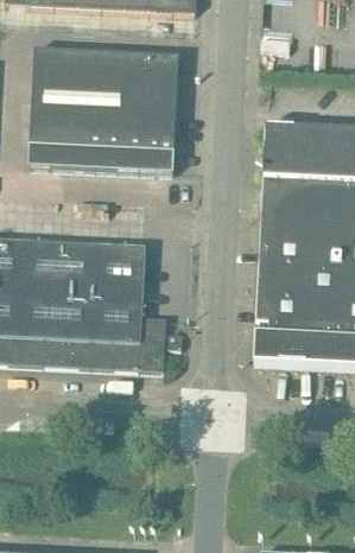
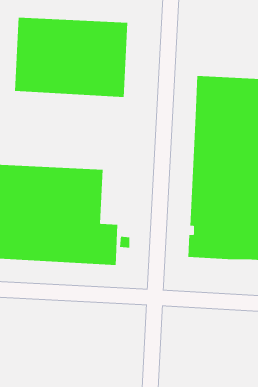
building: [28,145,173,178] -> none

